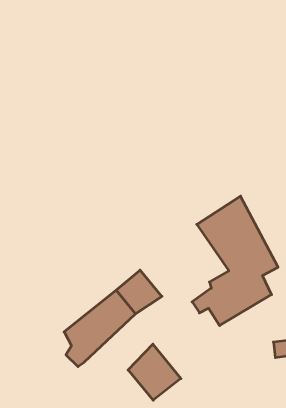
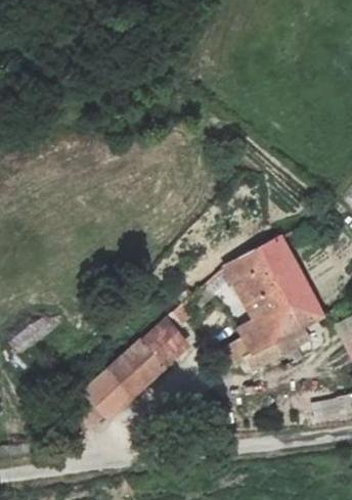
building: [128,344,181,400] -> none

